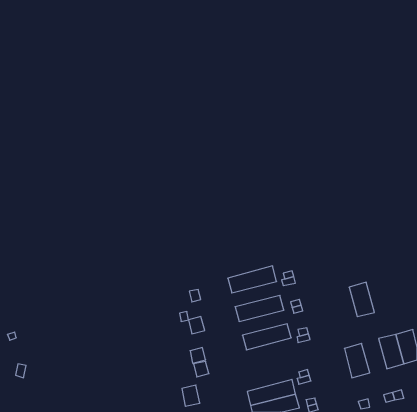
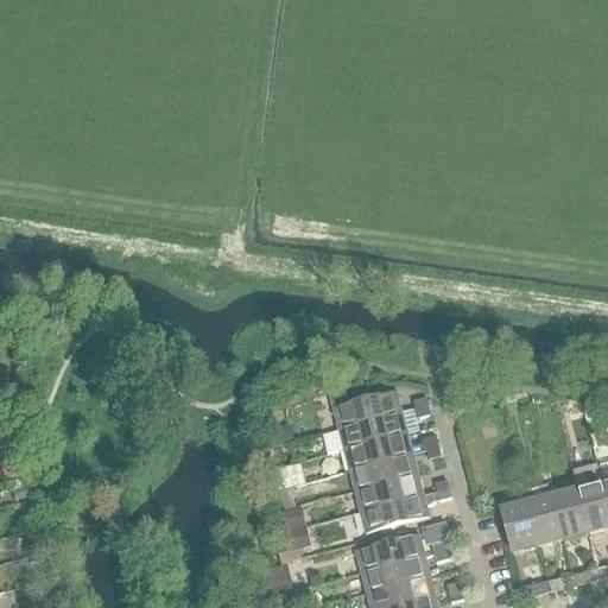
building: none -> [337,410,407,446]
building: [349,282,374,317] -> [526,493,563,543]
building: none -> [348,451,418,488]
building: none -> [359,492,429,531]
building: none -> [354,531,425,570]

